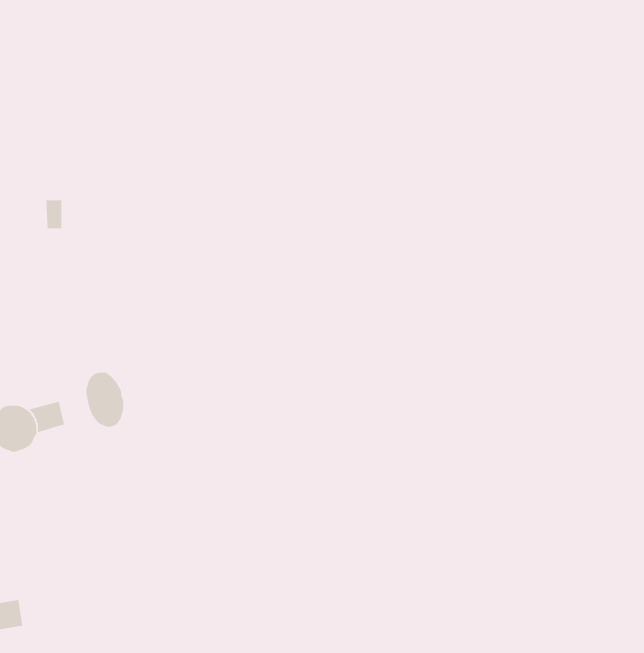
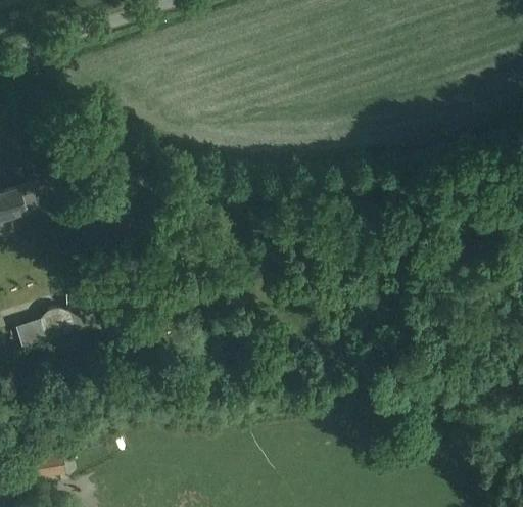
building: [86,372,124,427] -> none

